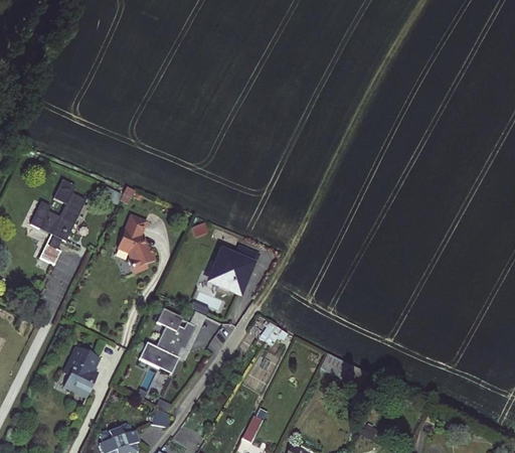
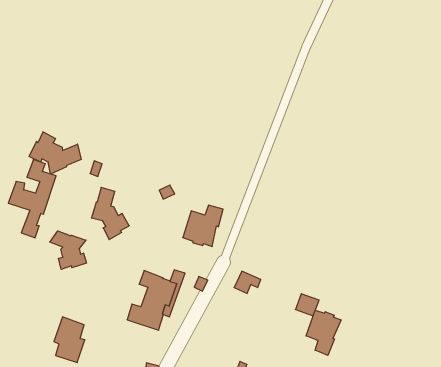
building: none -> [29,132,81,174]
building: none -> [50,231,86,269]
building: none -> [306,310,341,355]

